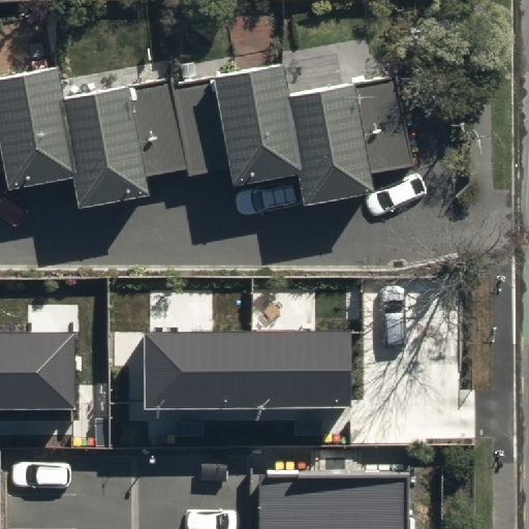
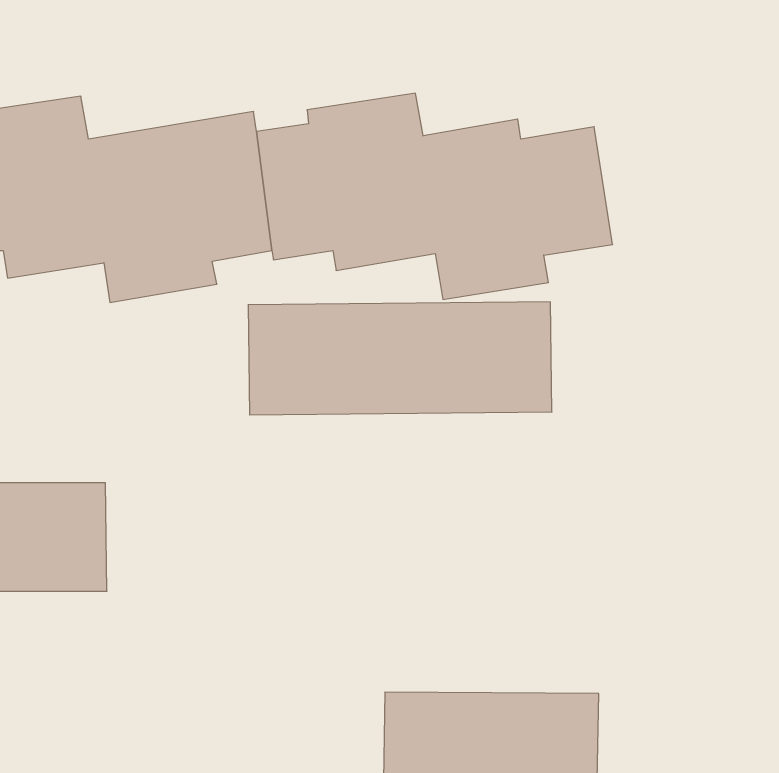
building: [143,329,348,405] -> [248,302,552,415]

